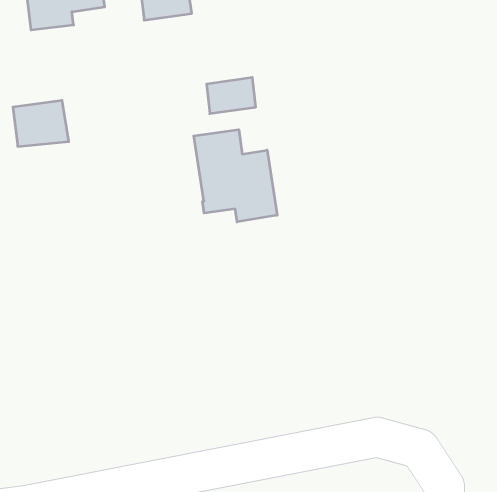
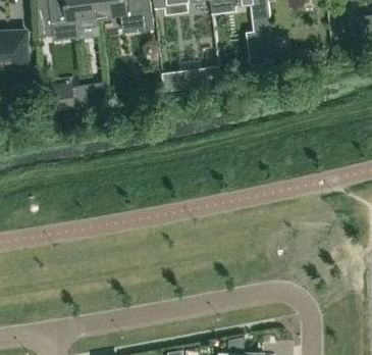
building: [194,130,277,222] -> none

